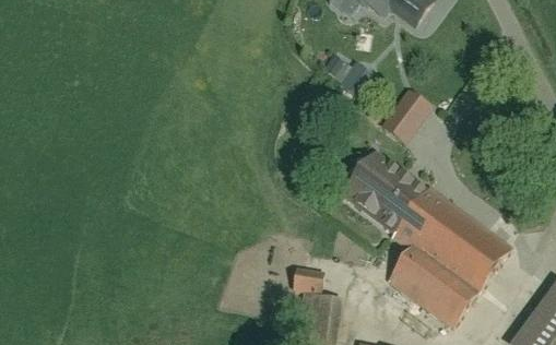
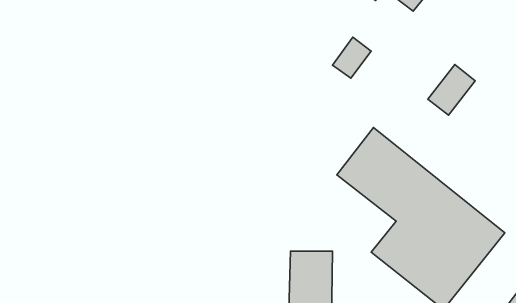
building: [377,85,425,136] -> [428,65,475,115]

